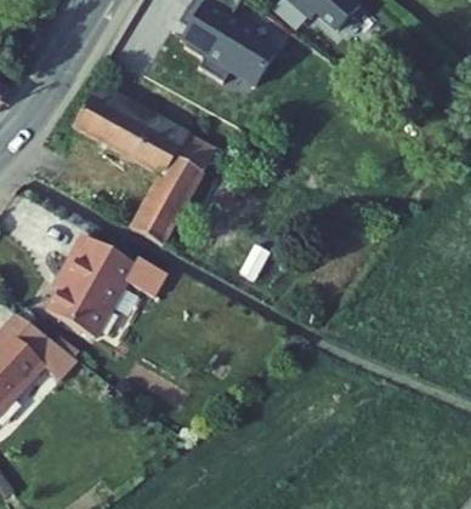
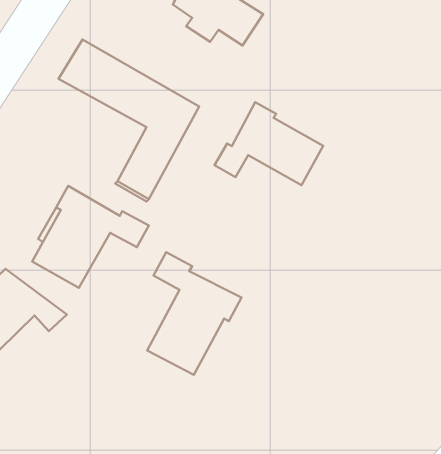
building: none -> [215,102,323,185]
building: none -> [147,252,241,375]

